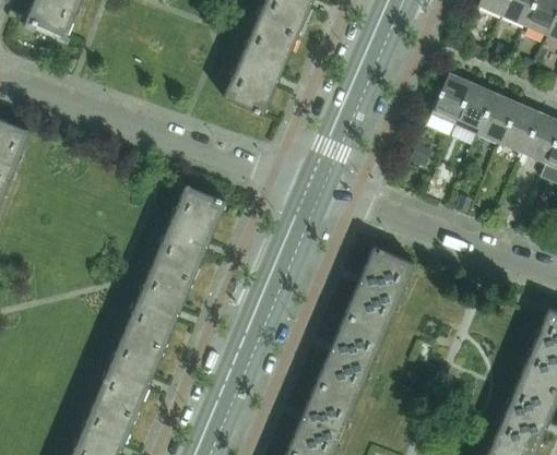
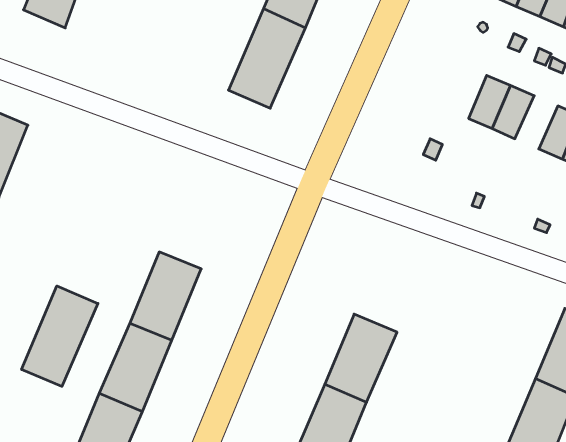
building: [430,72,472,124] -> none
building: [499,103,541,154] -> none
building: [156,184,225,270] -> none
building: [344,244,414,331] -> none
building: none -> [22,286,98,386]

